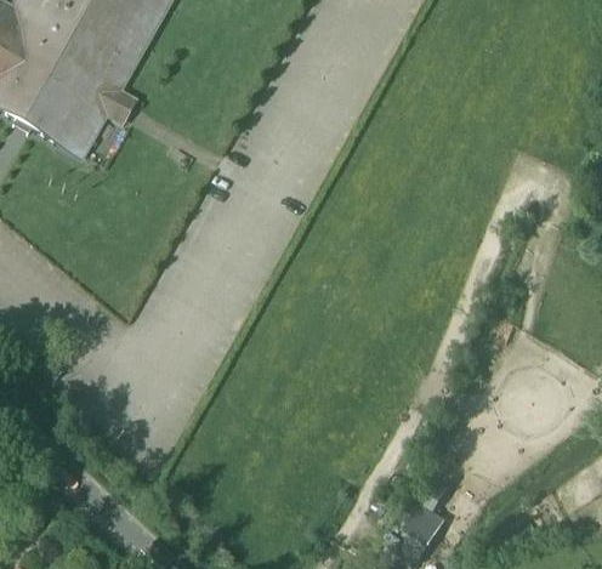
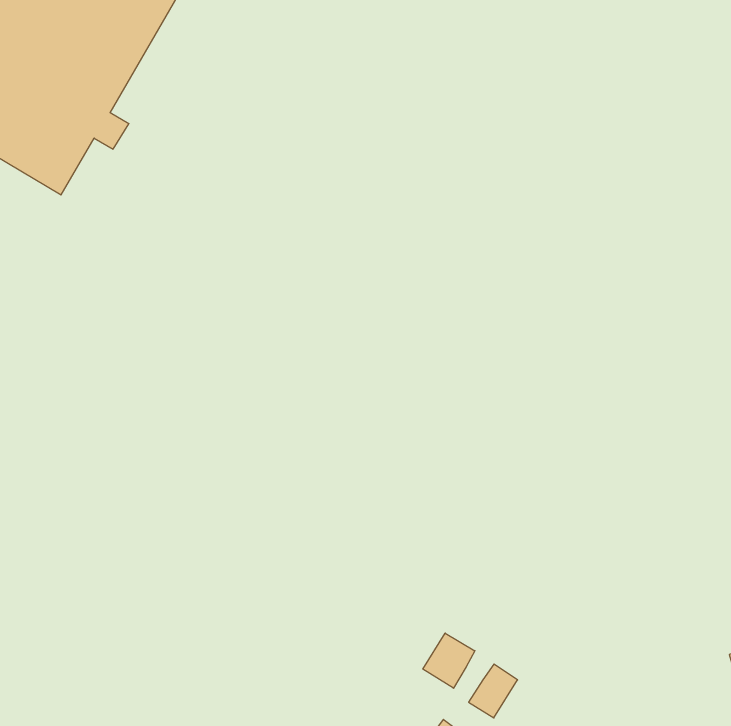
building: none -> [423,633,475,688]

